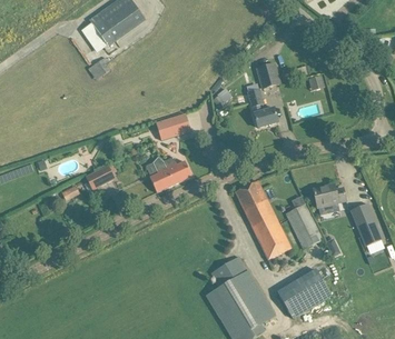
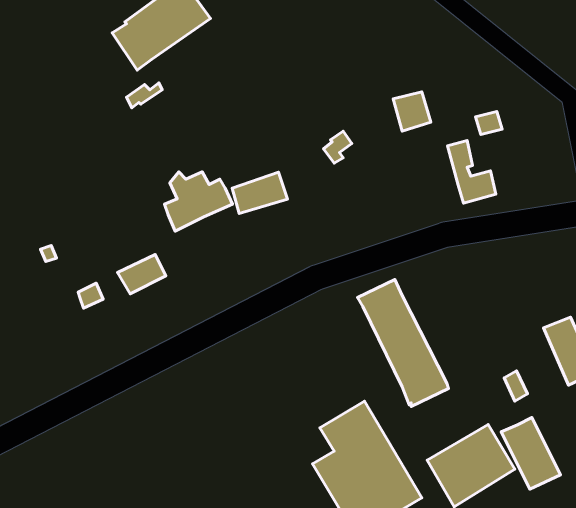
building: [247,88,277,127] -> [447,140,496,203]
building: [149,156,191,192] -> [164,172,232,231]
building: [313,185,345,206] -> none
building: [285,203,322,248] -> [501,418,560,489]

